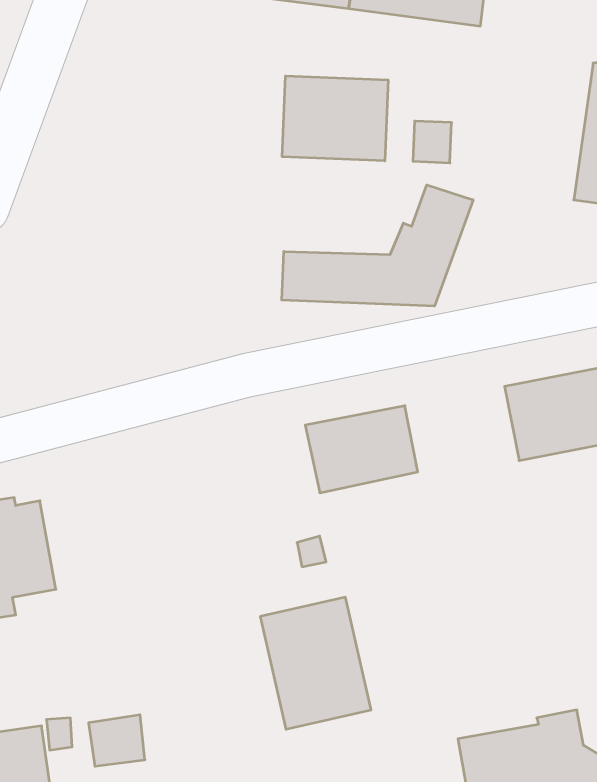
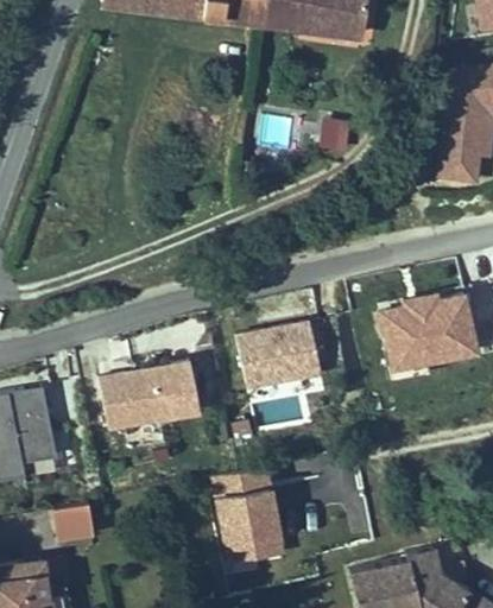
building: [282,76,388,161] -> none
building: [282,185,473,306] -> none
building: none -> [100,362,201,428]
building: [89,715,145,766] -> [53,506,95,544]

